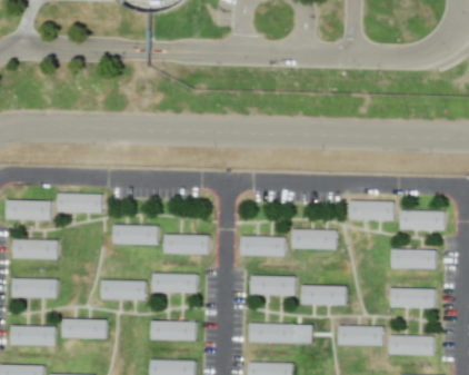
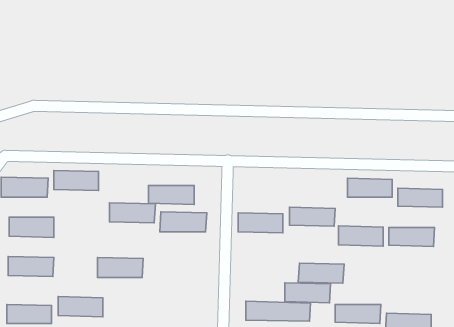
building: [151,274,197,293] -> [148,185,194,204]
building: [249,275,295,295] -> [285,283,330,303]
building: [389,287,433,307] -> [339,226,383,246]
building: [150,320,196,341] -> none

